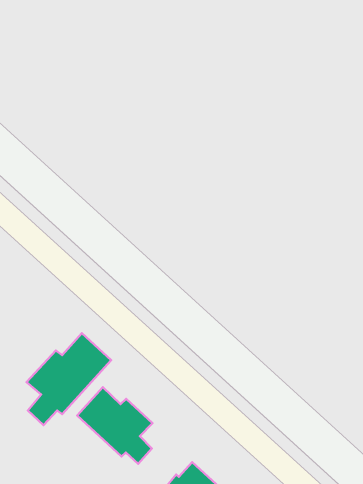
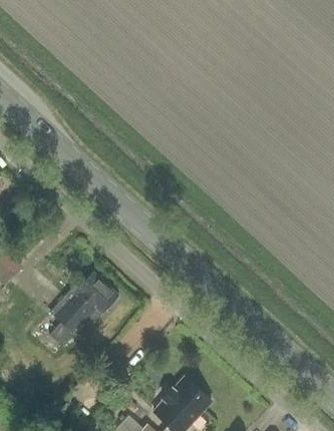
building: [77,387,153,464] -> none

